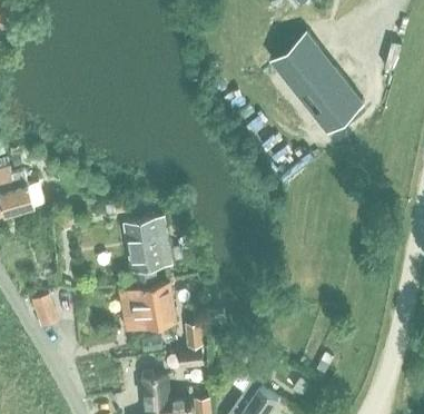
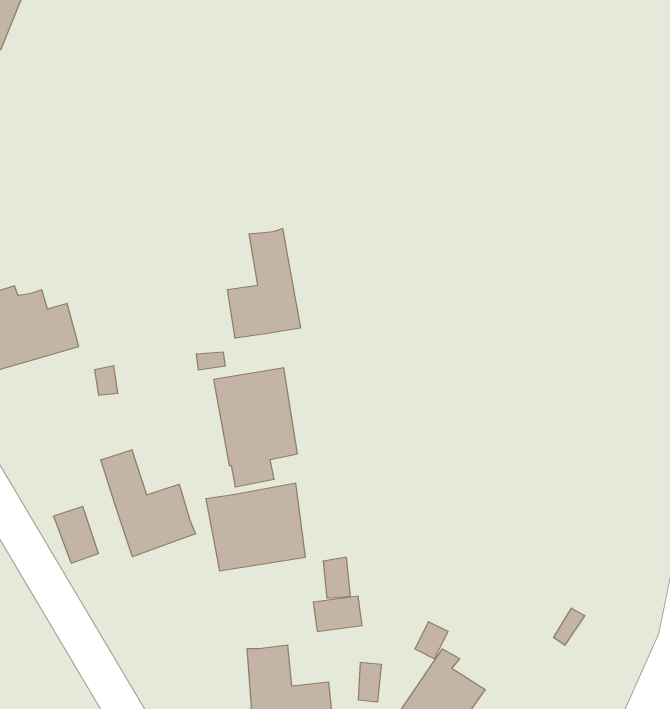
building: [269,31,363,132] -> none
building: none -> [227,228,300,338]
building: none -> [101,450,196,557]

